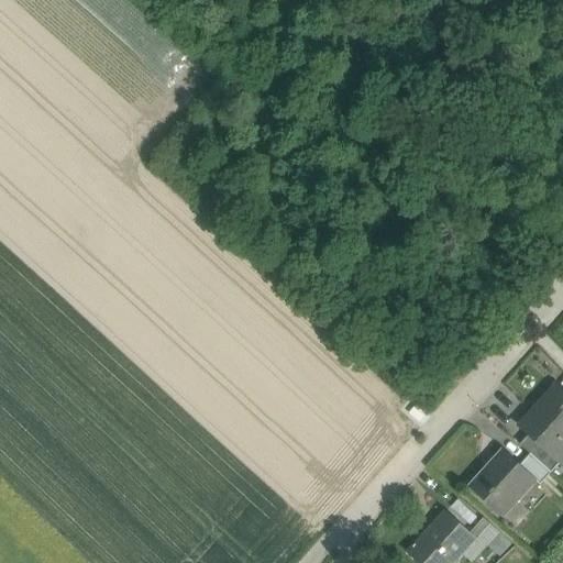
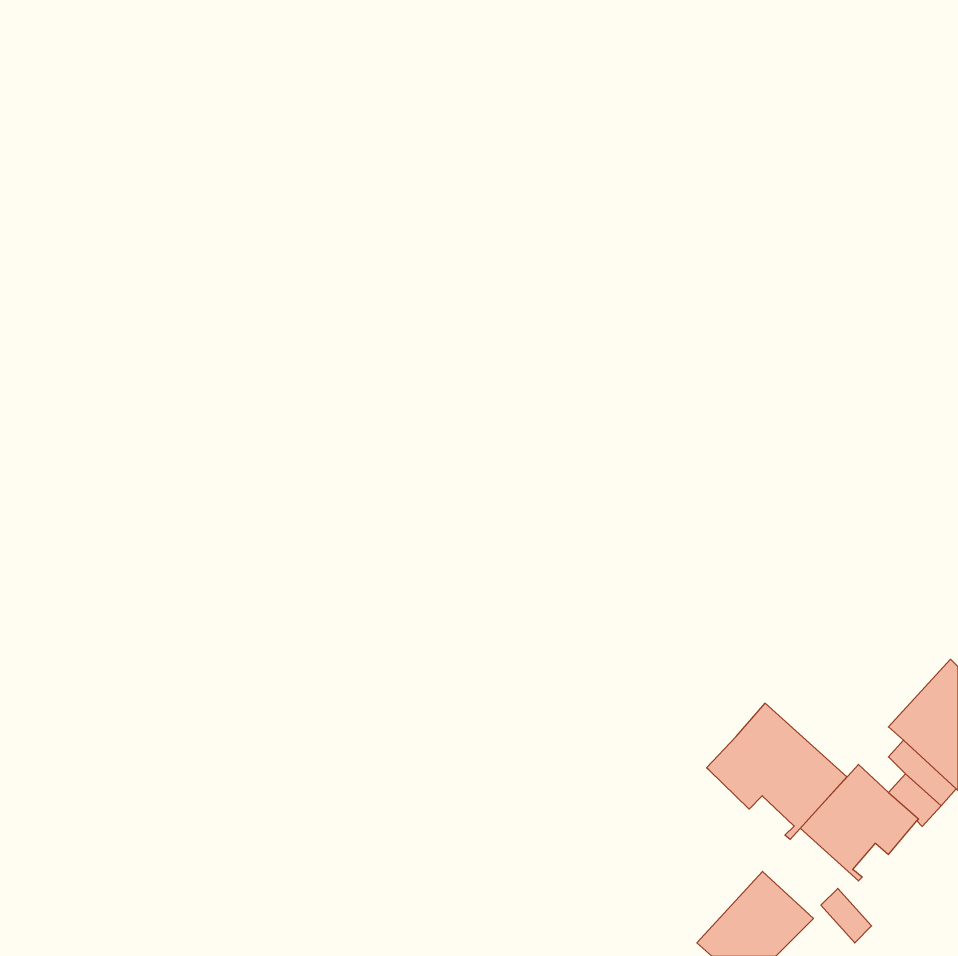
building: none -> [707,703,847,839]

